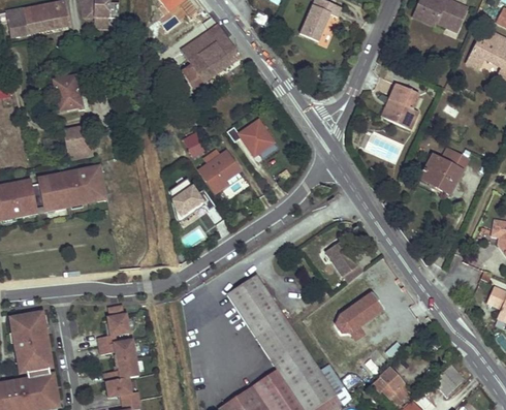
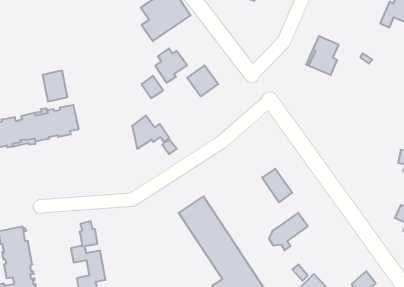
building: [53,75,82,109] -> none
building: [419,147,466,193] -> none
building: [202,151,241,192] -> [155,48,187,83]

